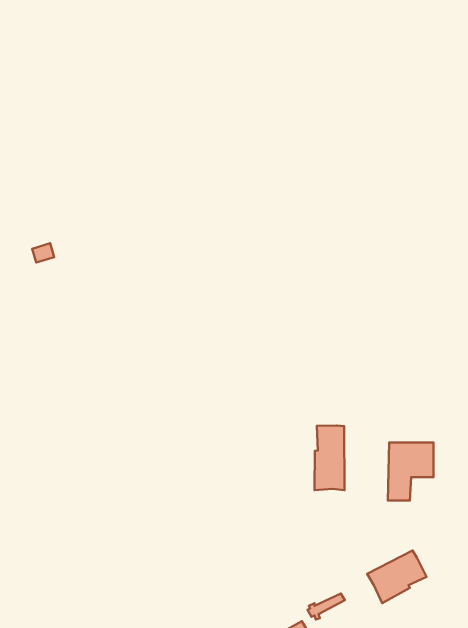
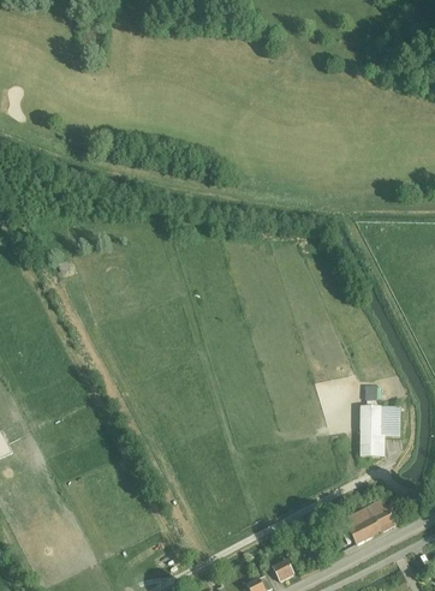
building: [314,425,344,490] -> none

